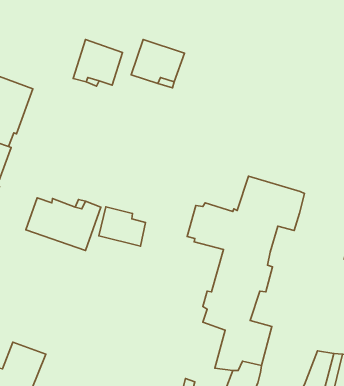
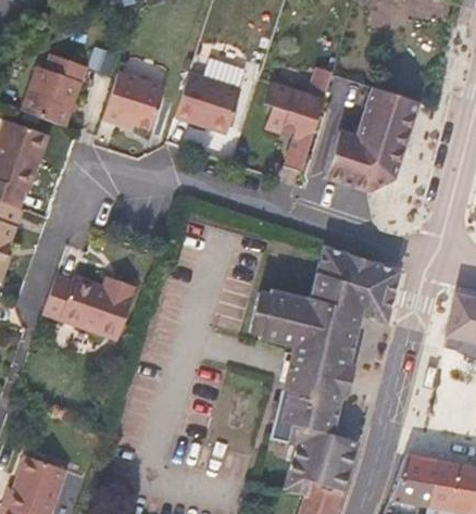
building: none -> [20,53,88,126]
building: none -> [267,84,326,173]
building: none -> [327,87,421,192]
building: [99,207,146,246] -> none

